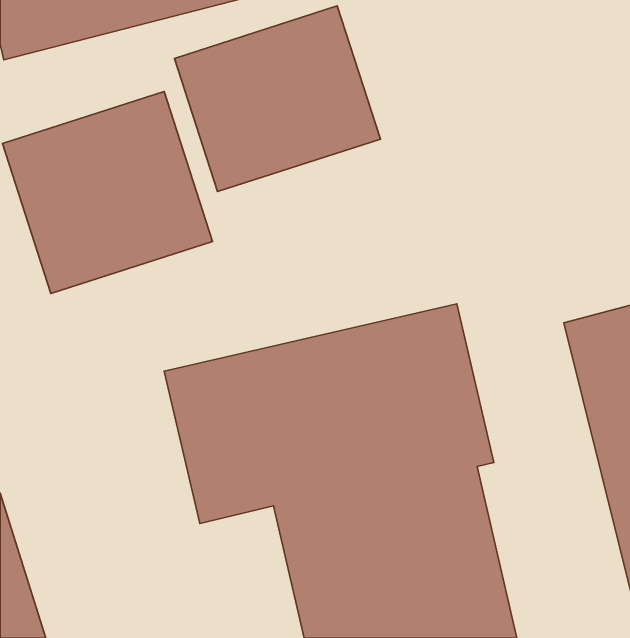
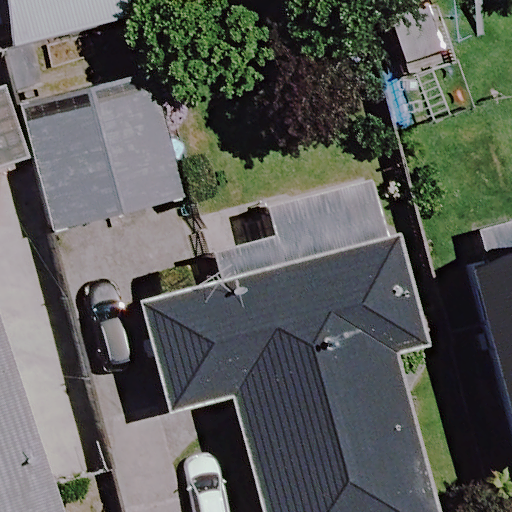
building: [174,6,380,192] -> none

